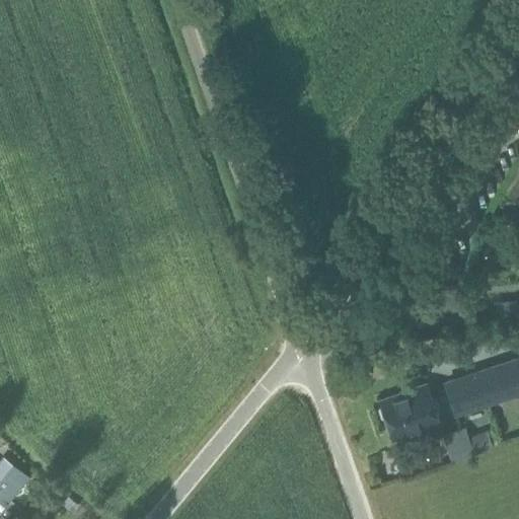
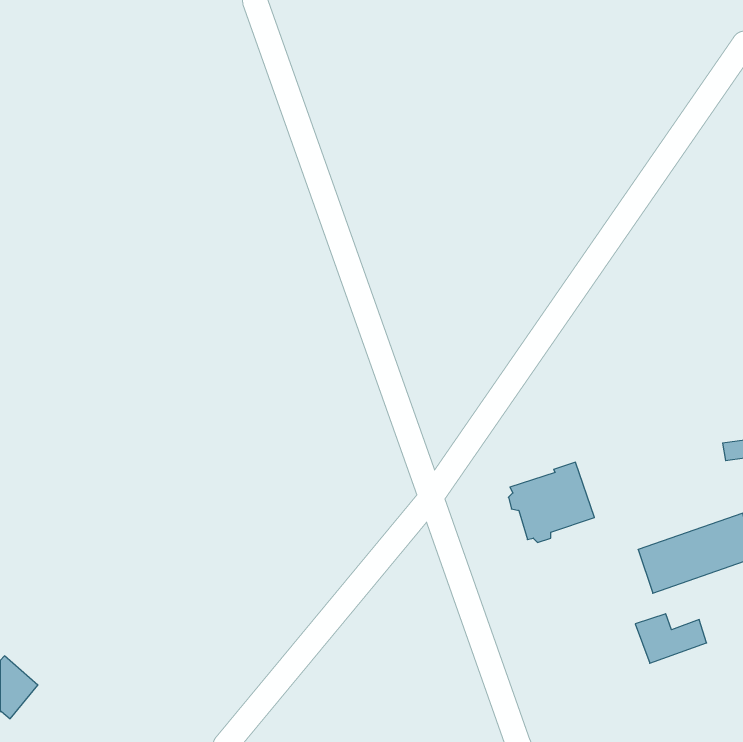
building: [379,386,439,442] -> [508,462,594,542]

